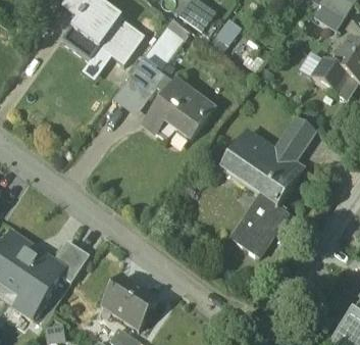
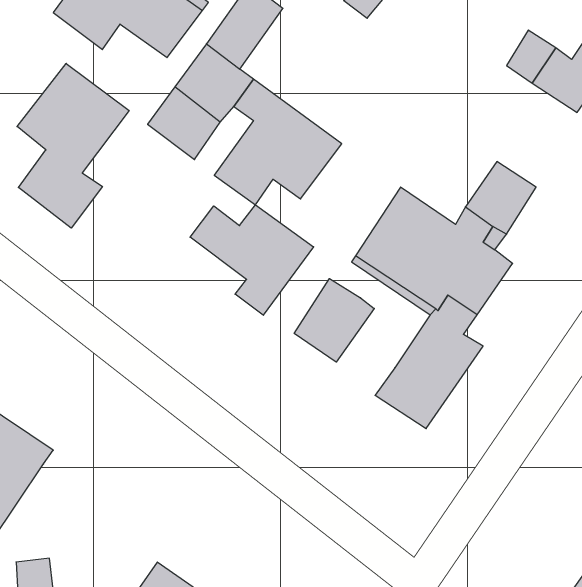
building: none -> [17,63,129,228]
building: none -> [190,205,314,315]
building: none -> [294,279,374,362]
building: [52,236,90,281] -> none
building: [102,275,155,325] -> none

